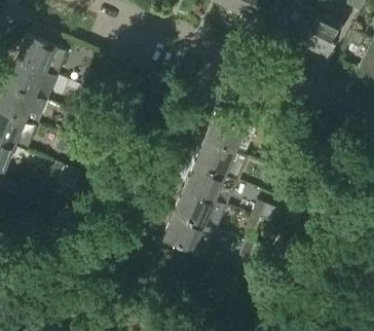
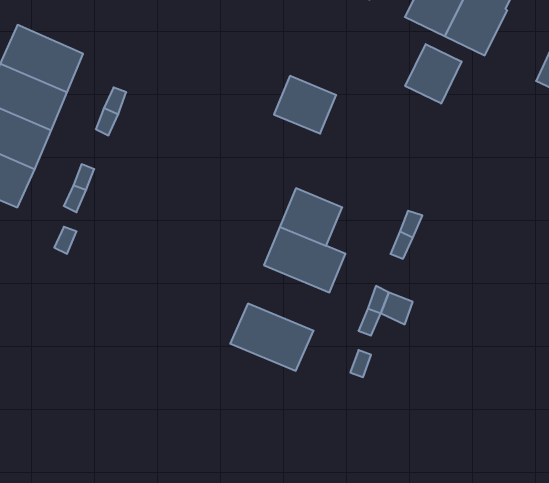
building: none -> [405,44,462,104]
building: [204,114,245,151] -> [274,76,336,134]
building: [174,188,226,230] -> none

